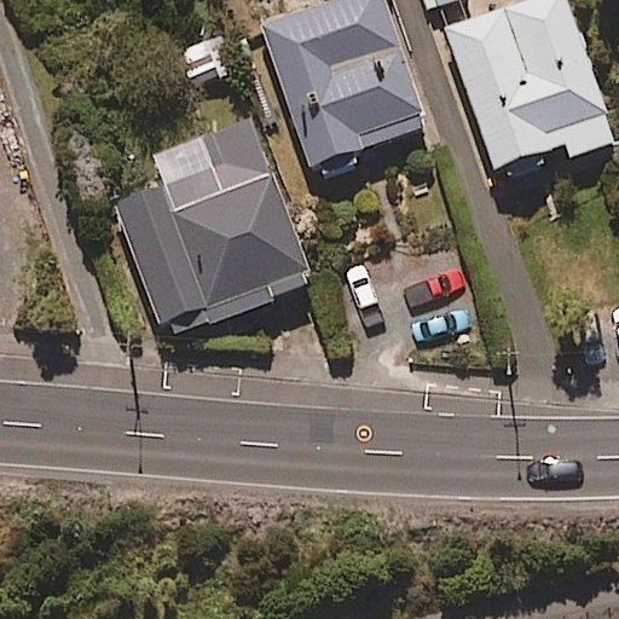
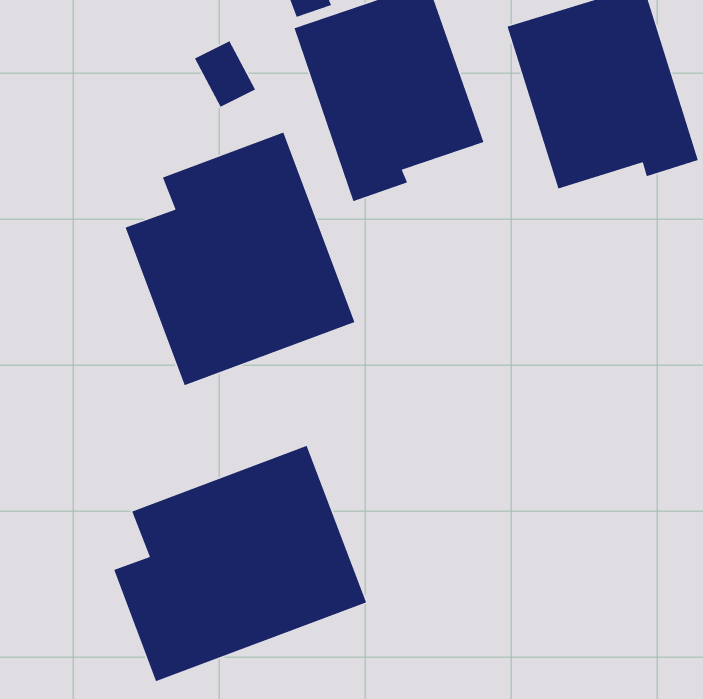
building: none -> [113,445,367,682]

